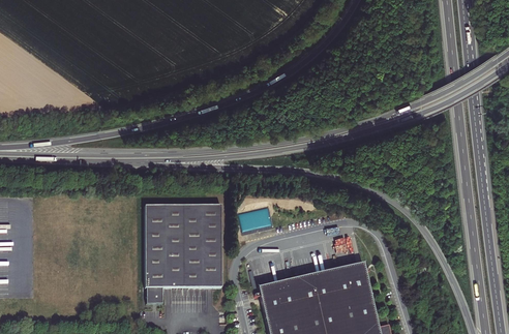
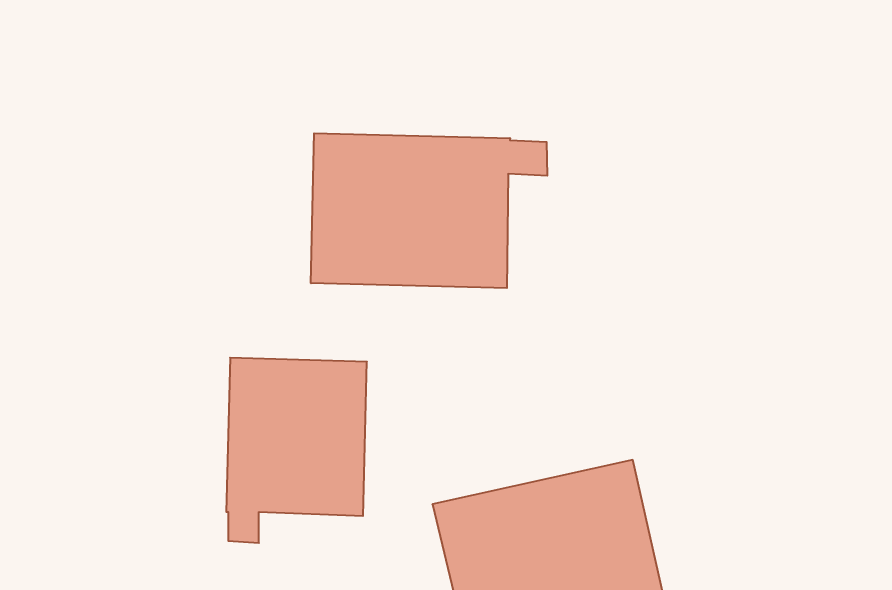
building: none -> [311,133,547,288]

